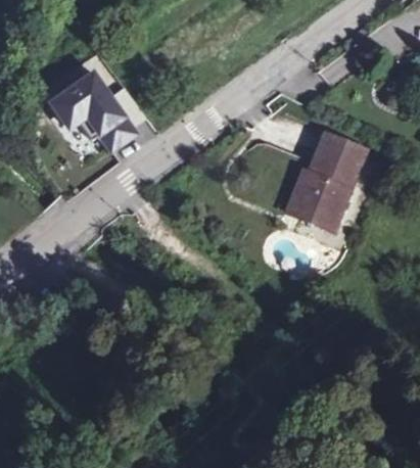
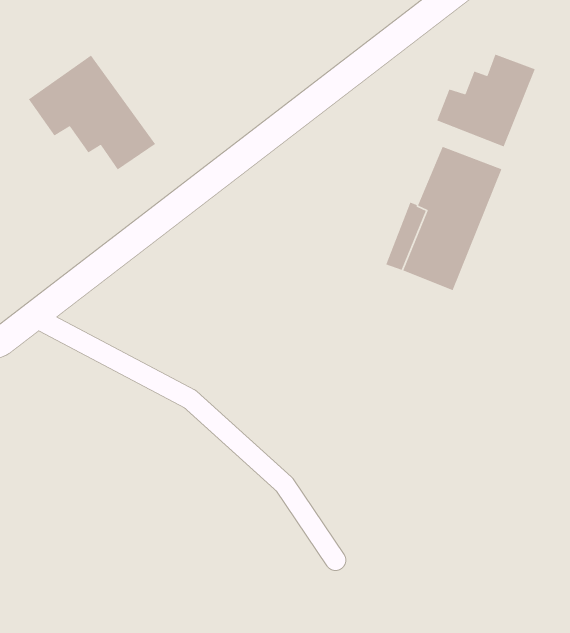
building: none -> [436,53,536,148]

